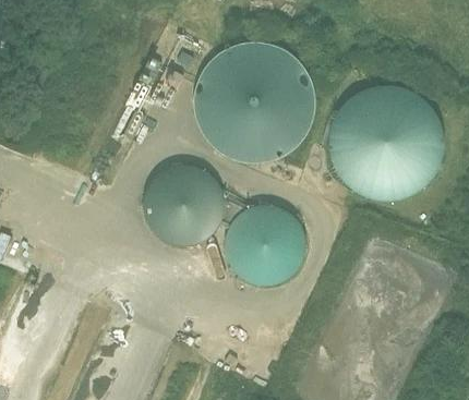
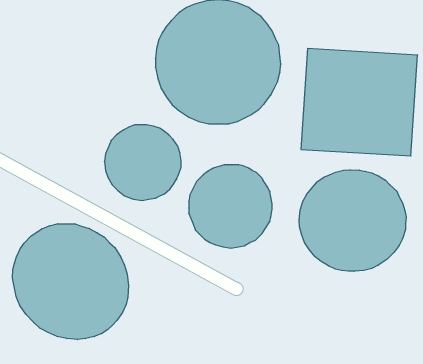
building: none -> [299,170,406,271]
building: none -> [12,224,129,340]

